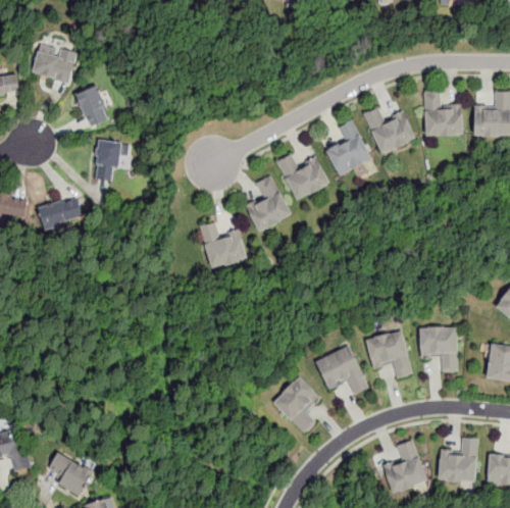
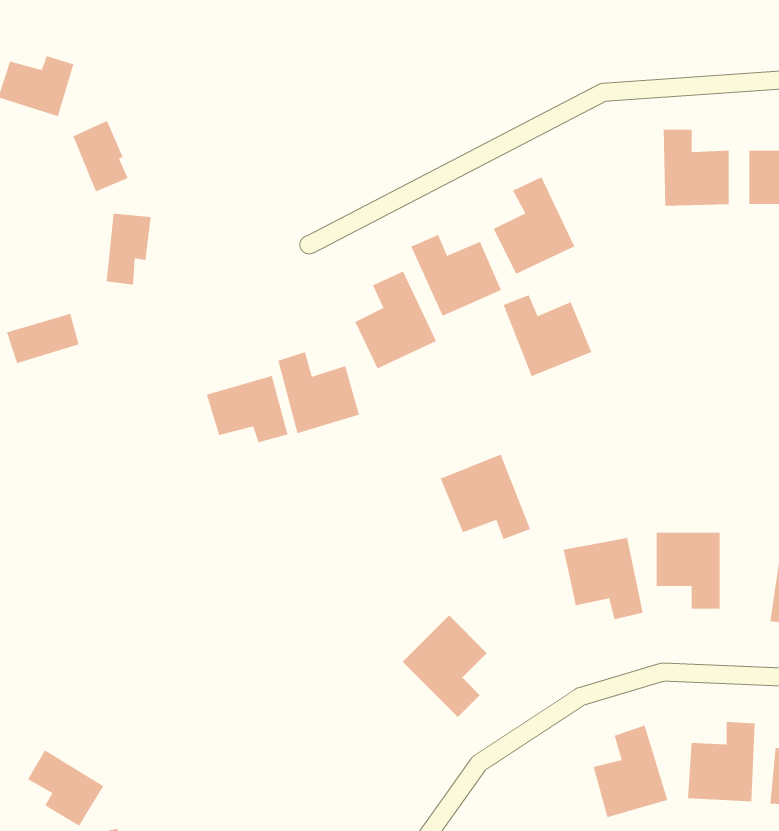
building: [363,106,415,154] -> [503,294,592,377]
building: none -> [206,375,288,443]
building: [315,345,368,395] -> [440,454,531,540]

